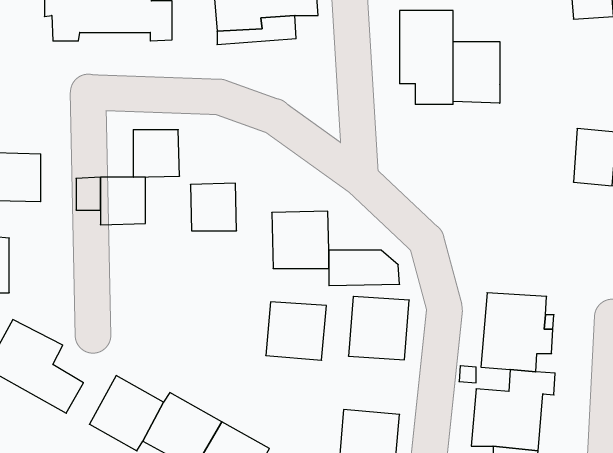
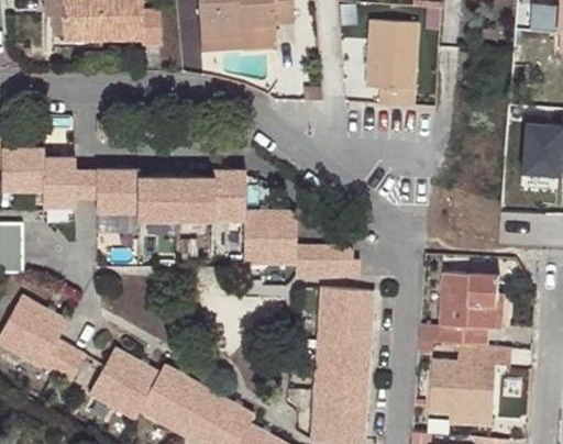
building: [453,42,500,103] -> none
building: [133,130,180,177] -> [136,177,178,220]
building: none -> [42,160,74,208]
building: none -> [218,169,251,219]
building: [266,302,326,360] -> [316,332,371,385]

